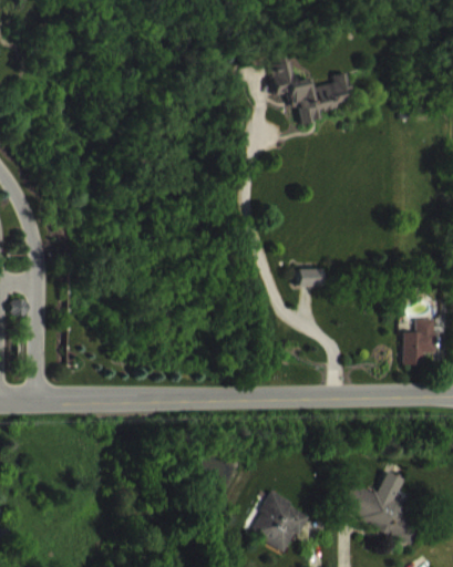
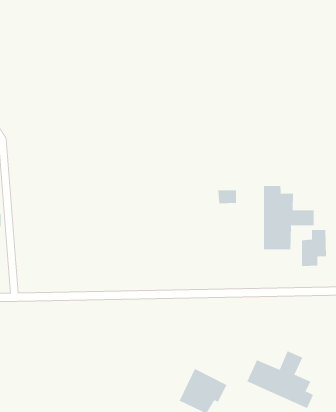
building: [268,59,348,124] -> none
building: none -> [263,185,314,250]

